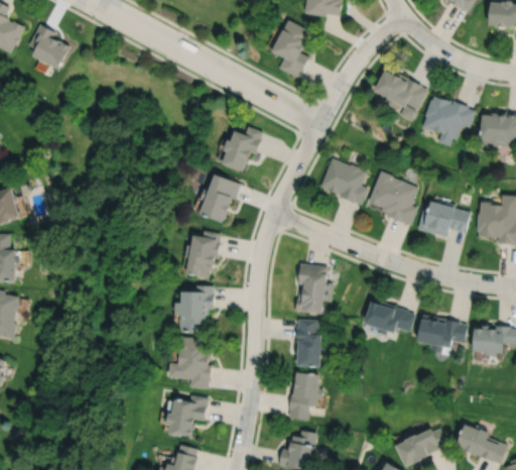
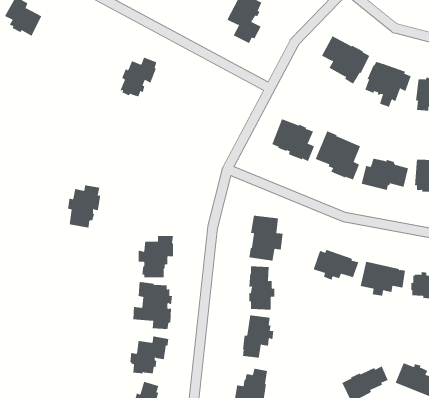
building: [221,125,262,169] -> [120,57,157,97]
building: [199,173,240,221] -> none
building: [183,230,221,277] -> [67,185,101,228]

